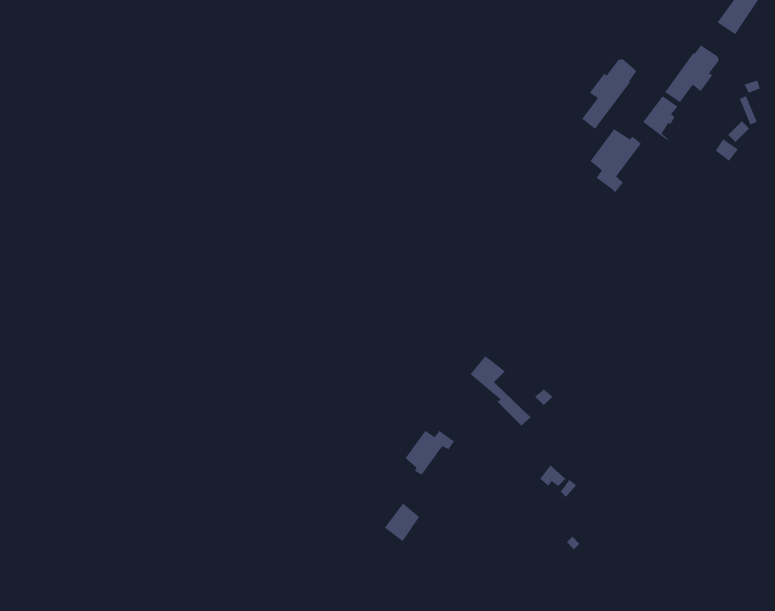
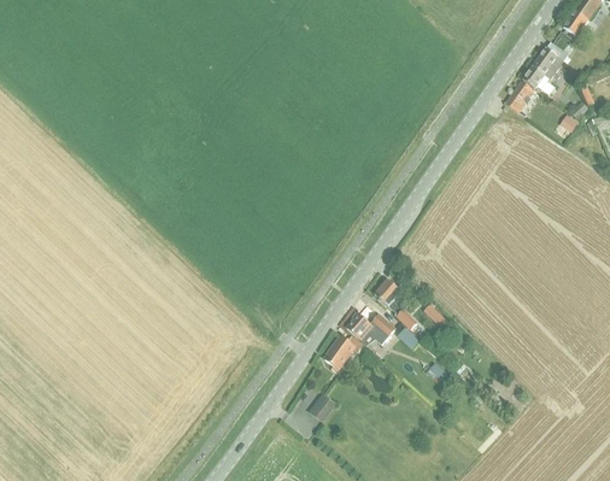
building: [581,58,637,130] -> none
building: [589,128,642,193] -> none
building: none -> [346,303,394,344]

